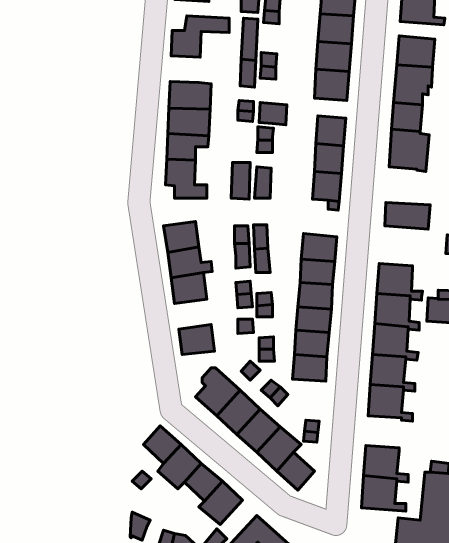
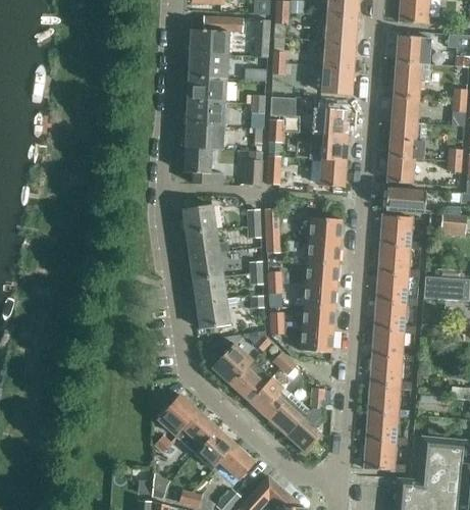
building: none -> [189,54,228,79]
building: none -> [387,156,415,184]
building: none -> [380,215,421,250]
building: none -> [193,277,226,305]
building: none -> [368,385,409,418]

